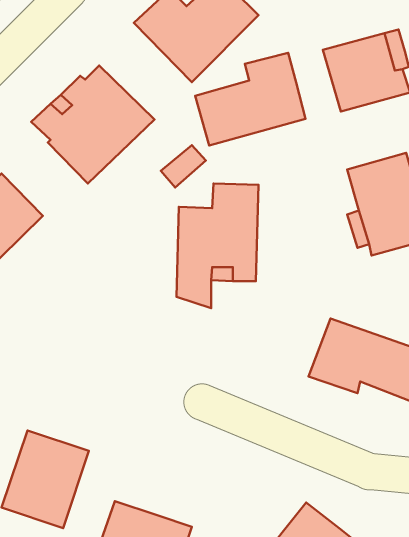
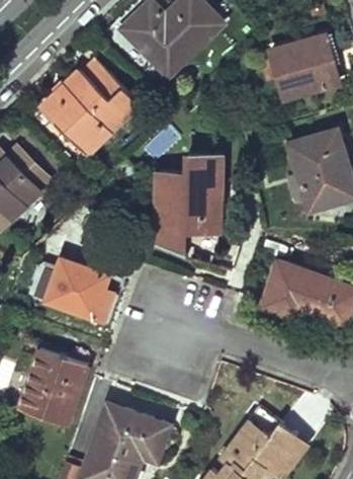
building: [195,53,306,146] -> none
building: none -> [46,258,113,322]

